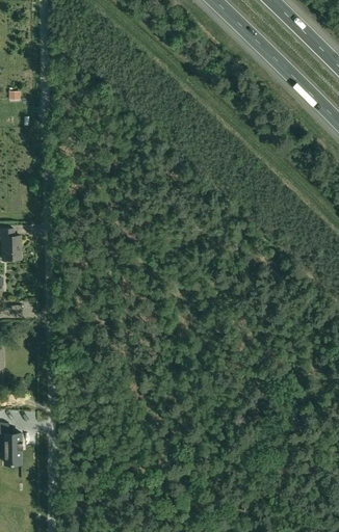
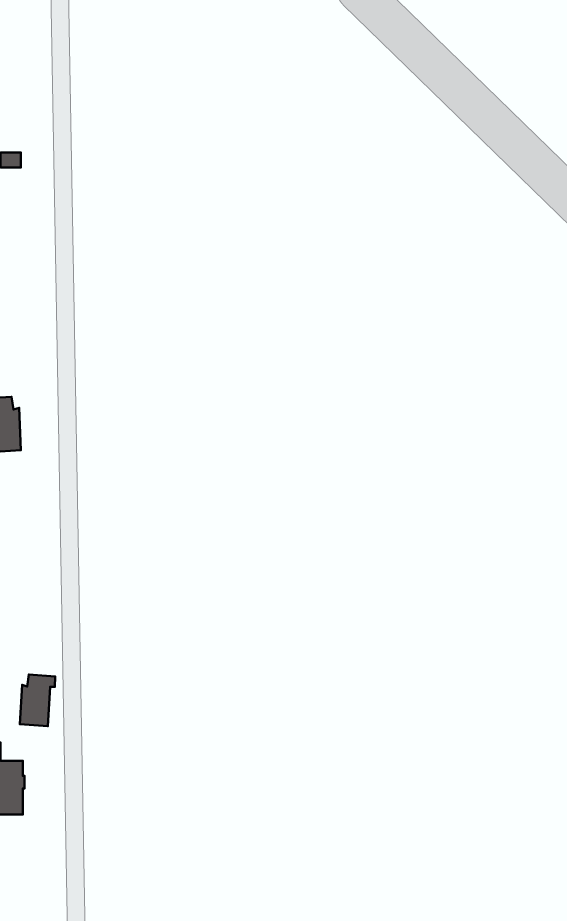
building: none -> [20,674,55,726]

